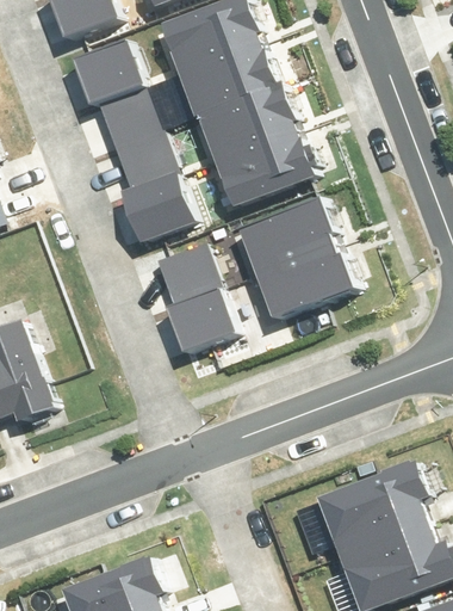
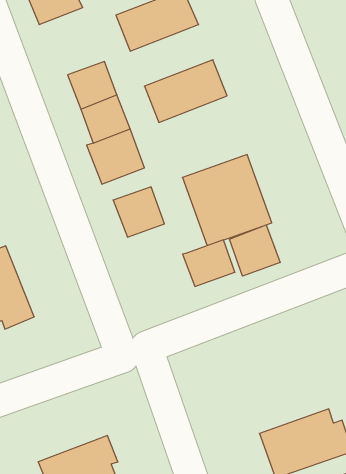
building: [178,39,281,117] -> none
building: [75,41,145,106] -> none
building: [213,129,317,206] -> none
building: [169,290,235,348] -> [183,240,235,286]
building: none -> [229,225,280,276]
building: [319,462,429,554] -> none

